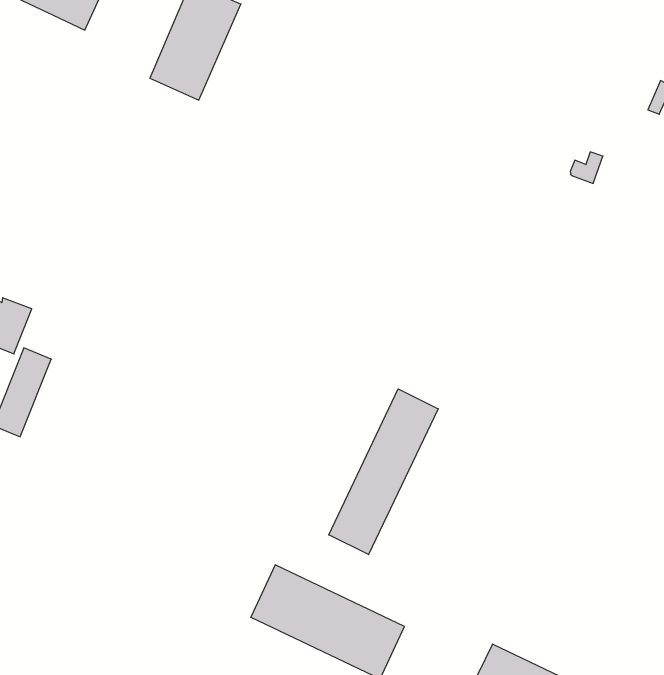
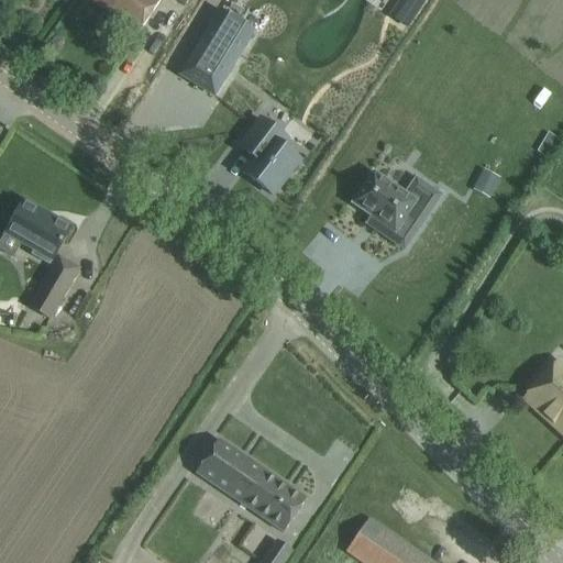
building: none -> [240,117,300,194]
building: none -> [354,172,443,231]
building: [329,389,438,555] -> none

